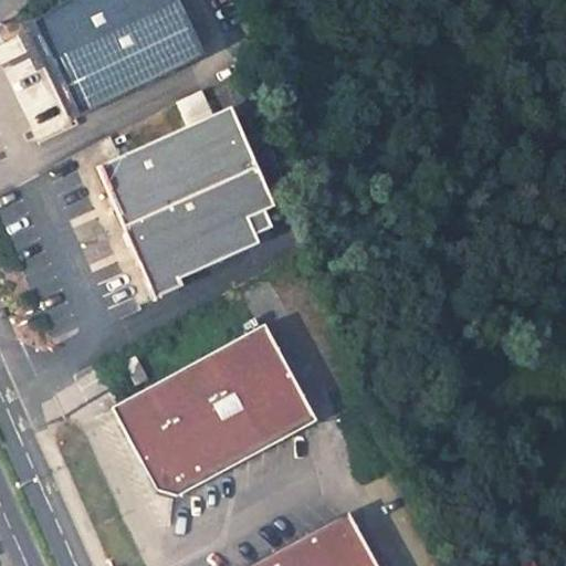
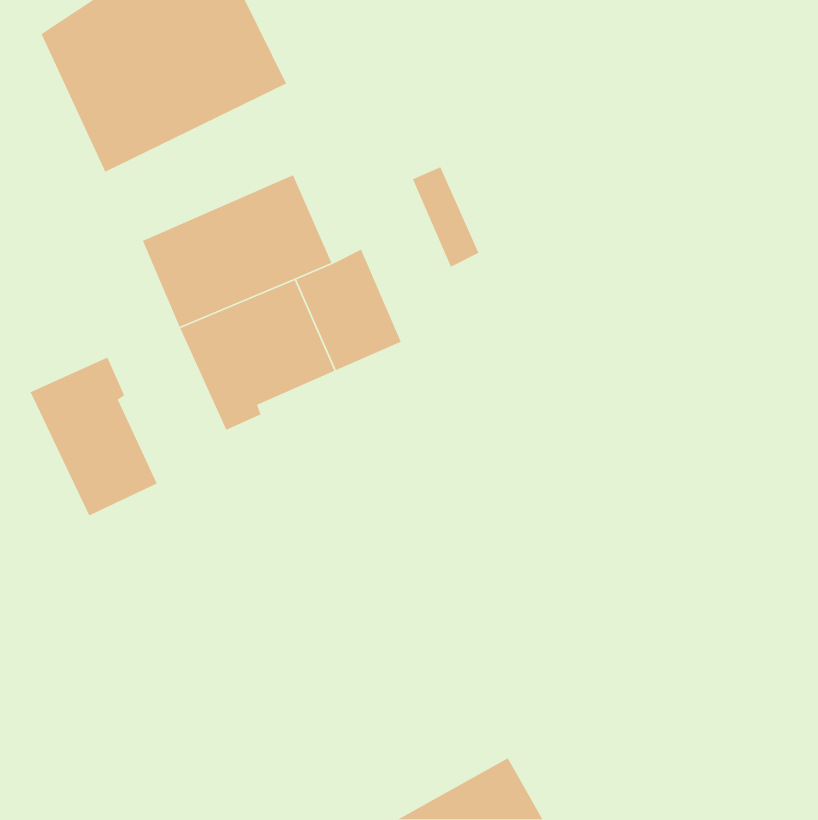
building: [206,111,252,180] -> [412,166,480,268]
building: none -> [29,356,158,517]
building: [114,326,314,489] -> none

